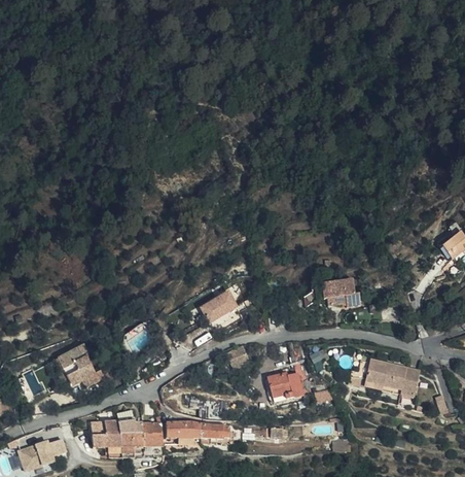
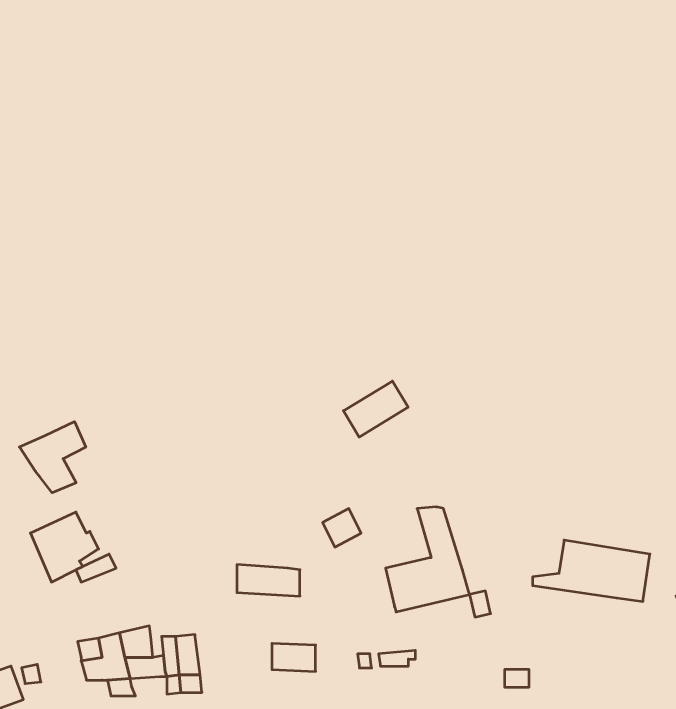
building: [323,277,362,307] -> none
building: [203,289,241,322] -> [343,381,408,437]
building: none -> [19,422,86,493]
building: [163,420,200,439] -> [237,565,300,596]

